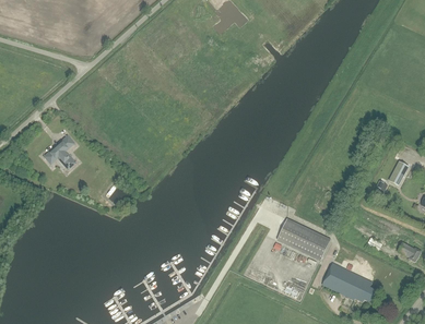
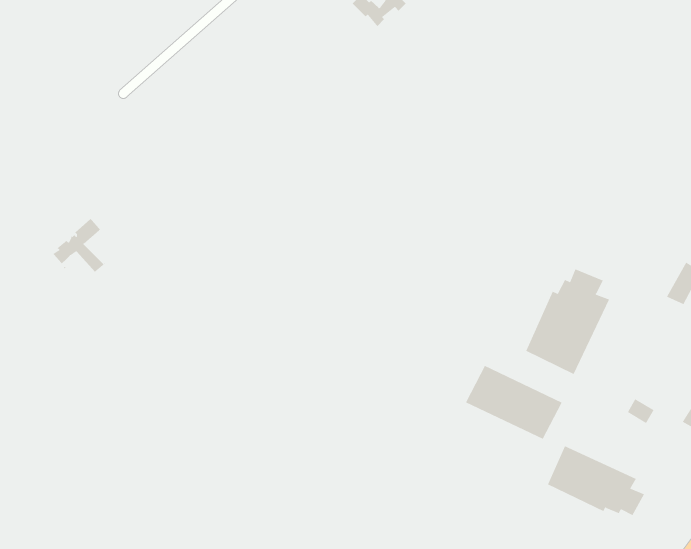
building: none -> [526,269,610,375]

